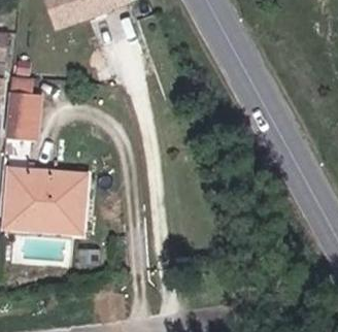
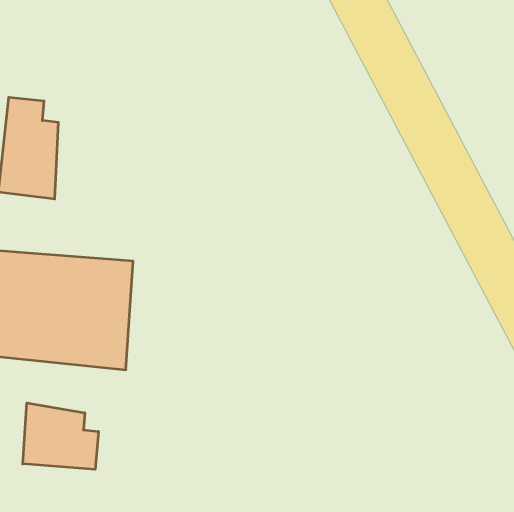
building: none -> [23,403,98,469]

